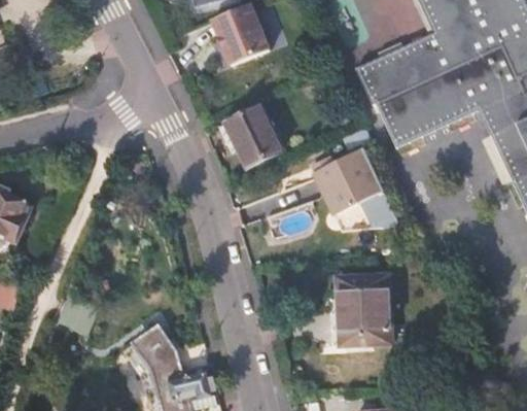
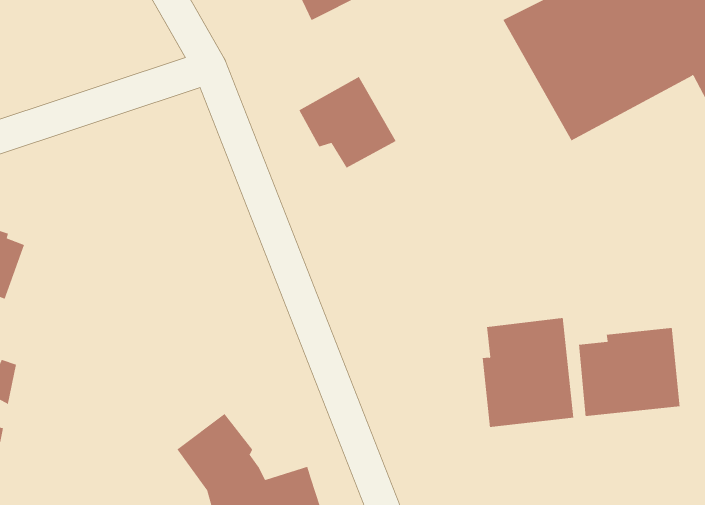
building: [313,147,399,226] -> none
building: none -> [578,327,680,417]

